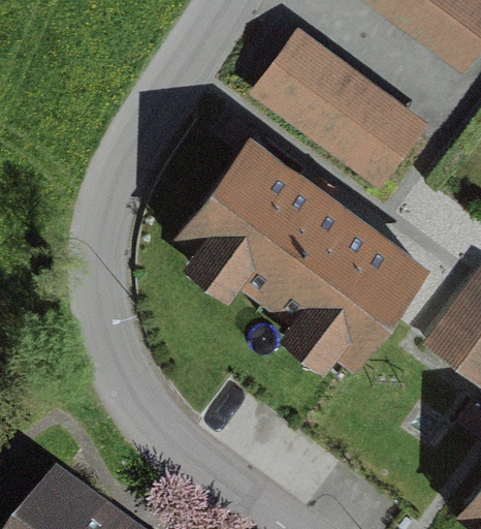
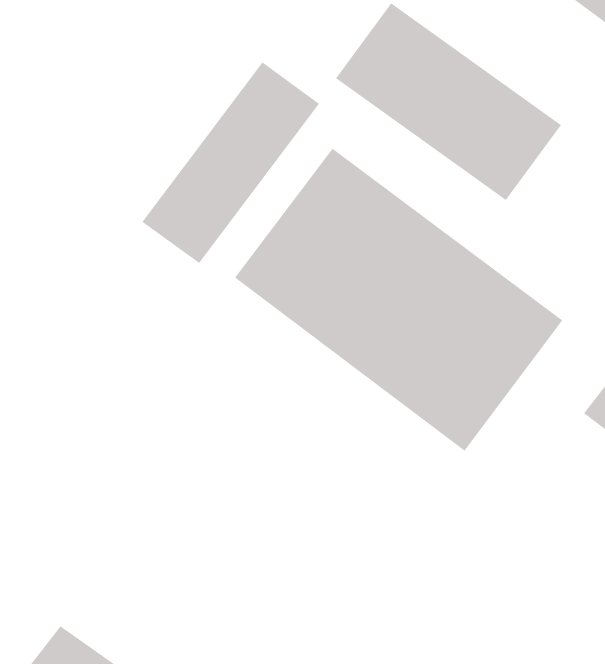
building: none -> [142,62,320,264]

